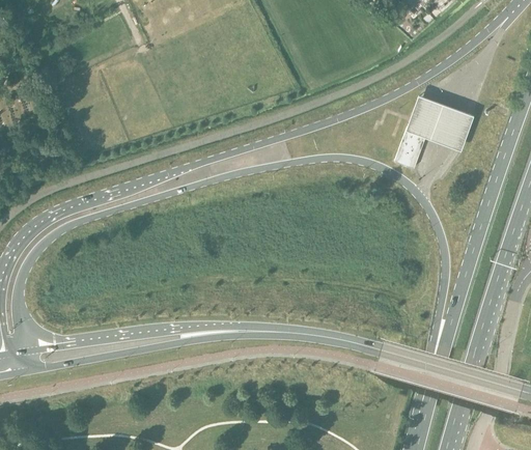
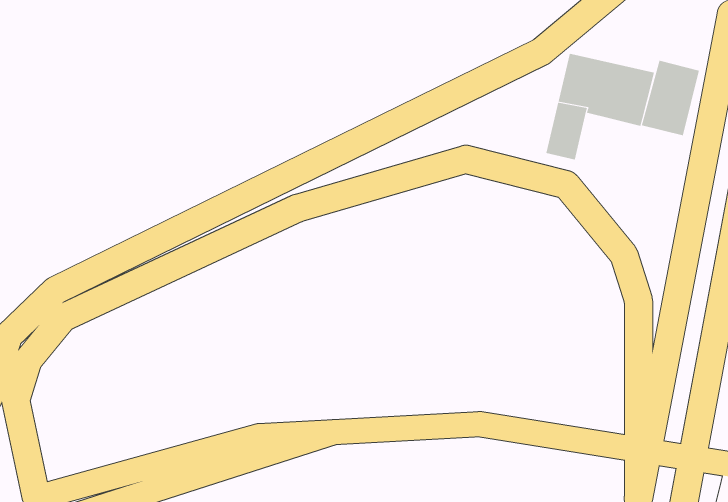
building: none -> [641,60,700,136]

